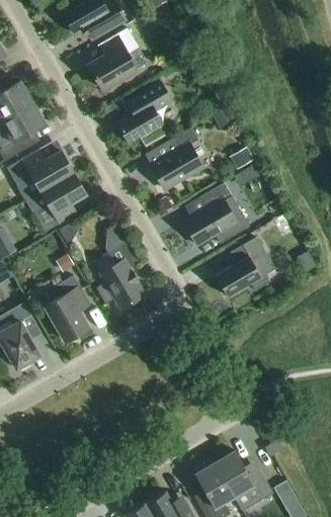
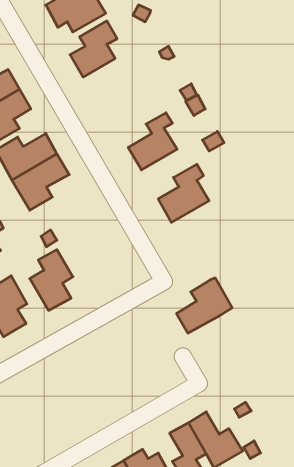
building: [115,81,171,148] -> none
building: [96,224,145,309] -> none
building: [215,237,274,296] -> [177,278,232,333]

